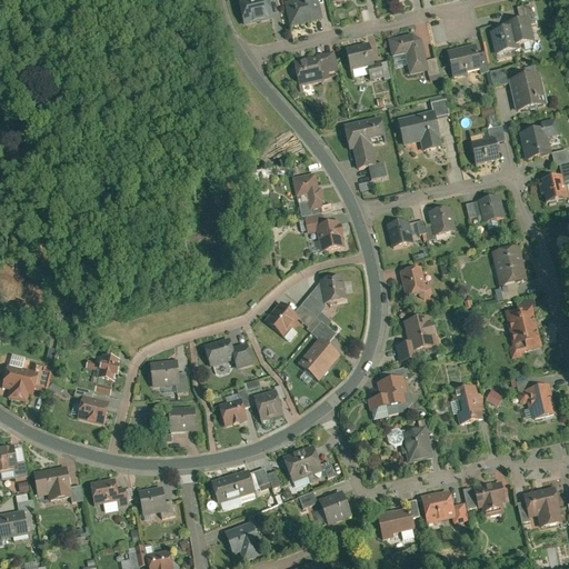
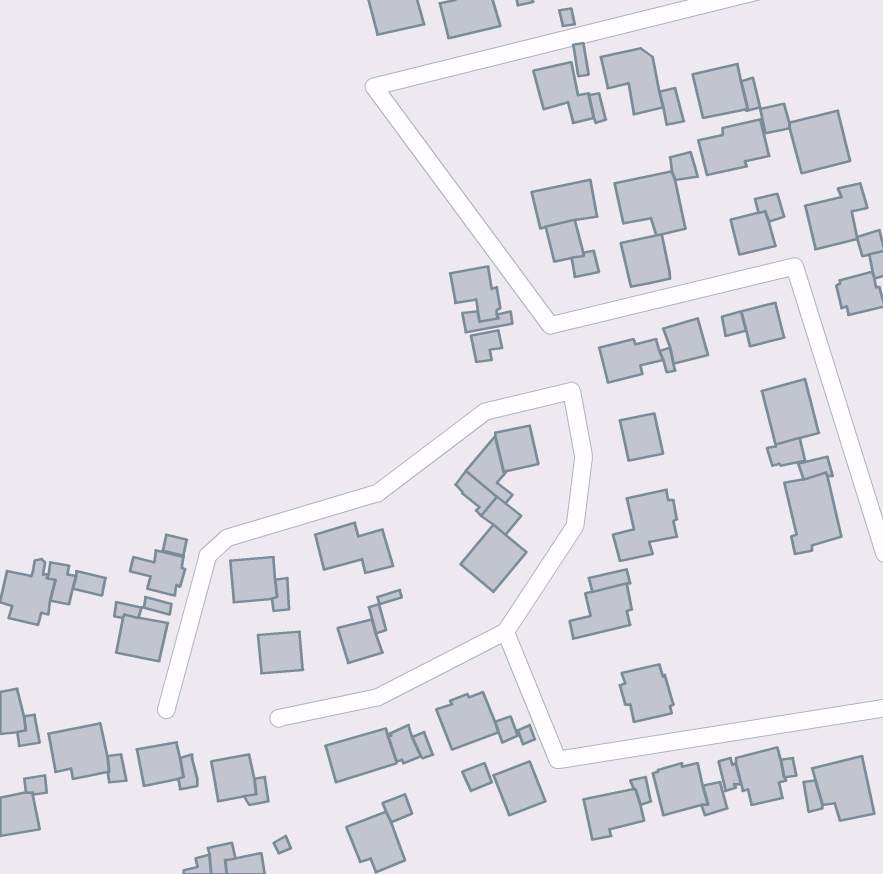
building: [488,17,533,52] -> [698,120,769,175]
building: [292,48,337,84] -> none
building: none -> [621,234,670,287]
building: [316,220,345,251] -> none
building: [263,300,298,336] -> none
building: [518,383,557,420] -> none
building: [451,385,485,423] -> none
building: [251,388,282,420] -> none

